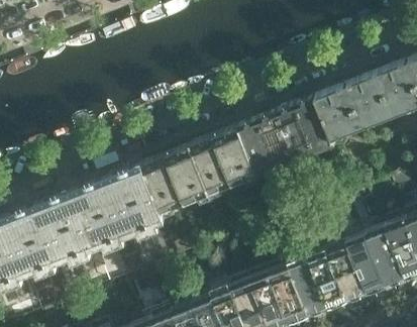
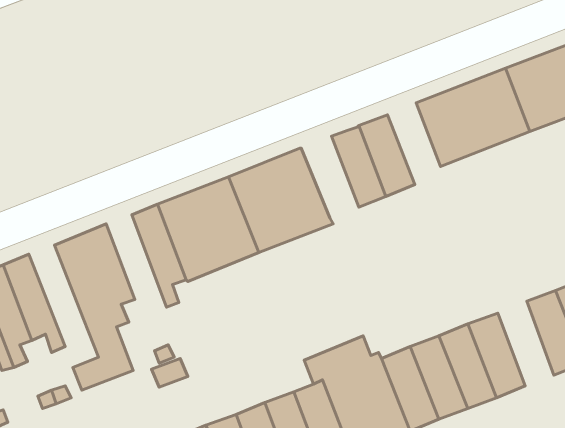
building: [293,98,330,152] -> none
building: [235,120,274,175] -> none
building: [105,173,148,244] -> none
building: [54,193,90,260] -> none
building: [367,230,404,287] -> none

